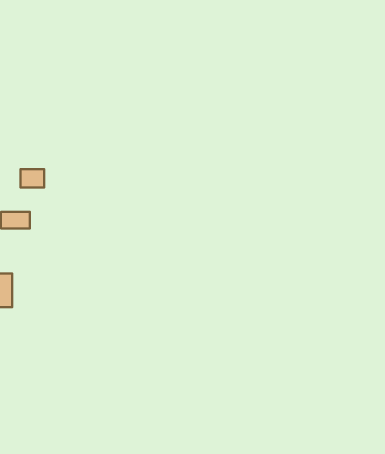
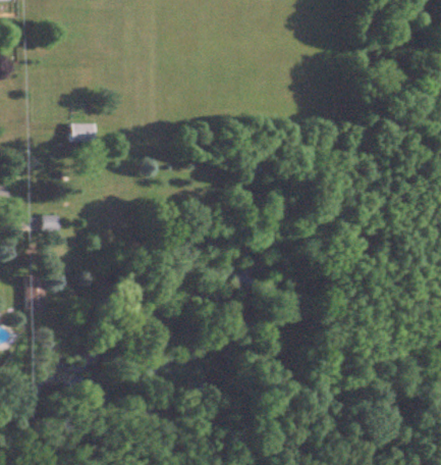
building: [21,169,44,187] -> [69,124,93,143]

